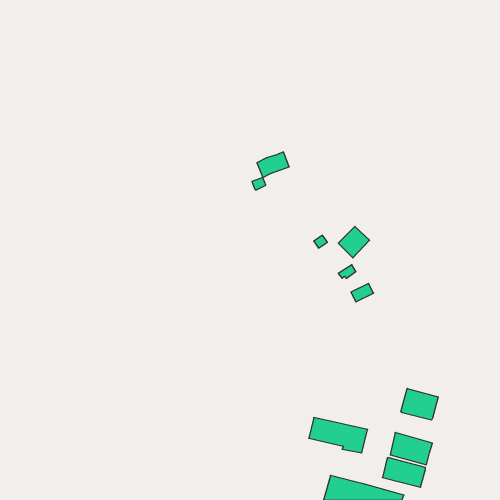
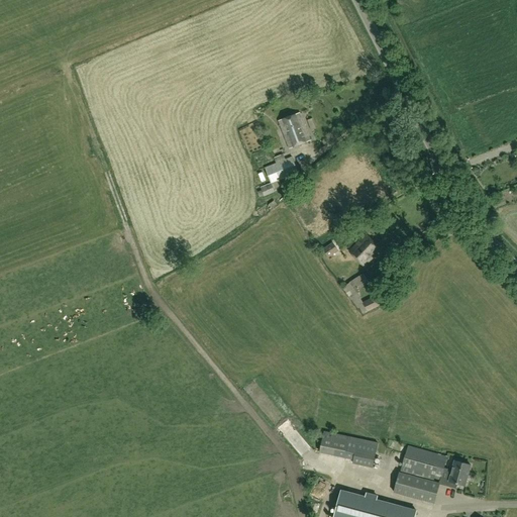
building: none -> [278,112,310,147]
building: [401,388,438,420] -> none
building: none -> [439,459,470,487]

